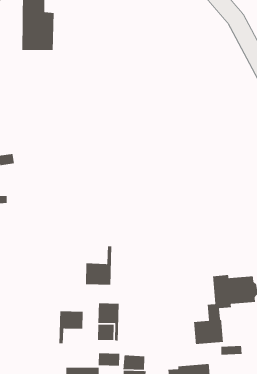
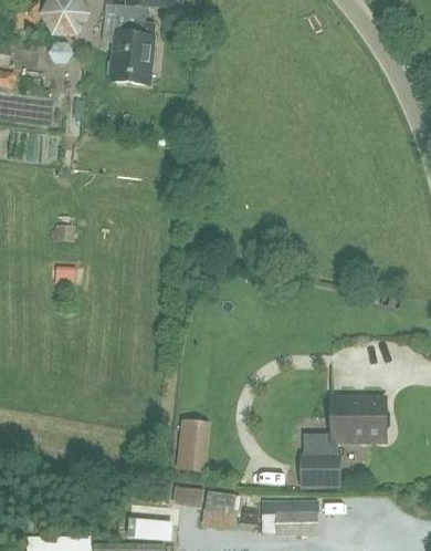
building: [85,245,112,285] -> none
building: [59,311,83,344] -> none

